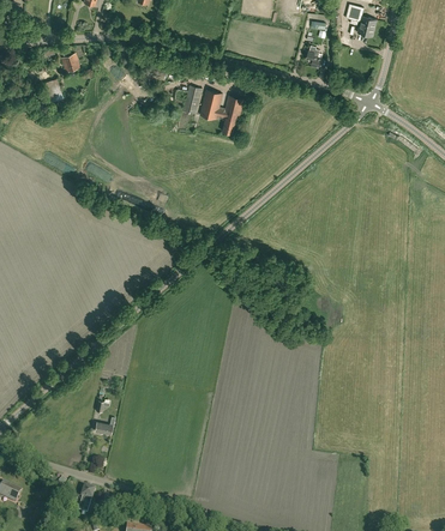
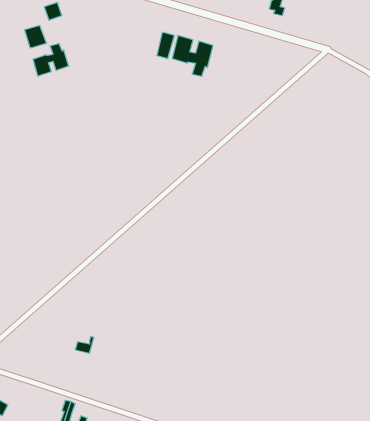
building: none -> [33,43,69,76]

